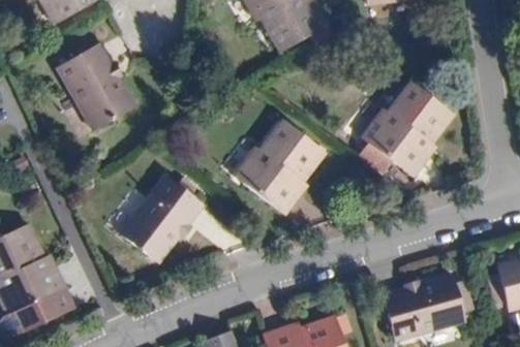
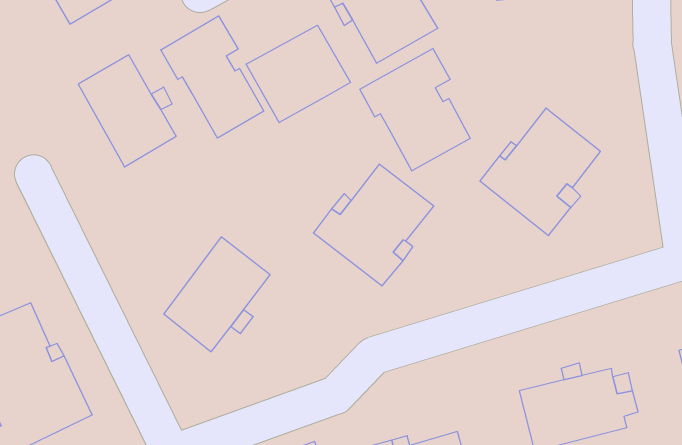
building: none -> [161,16,264,138]
building: none -> [246,25,350,123]
building: none -> [360,48,470,171]

